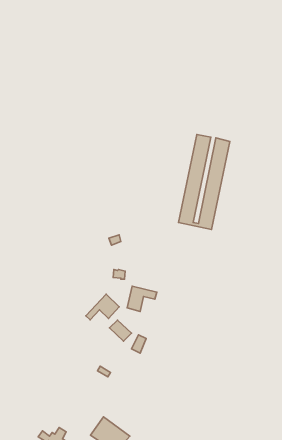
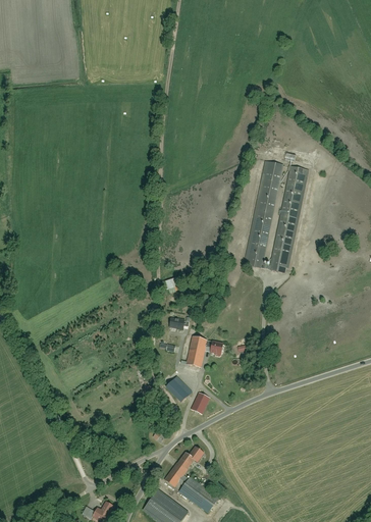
building: [86,294,119,320] -> none
building: none -> [164,447,216,513]

